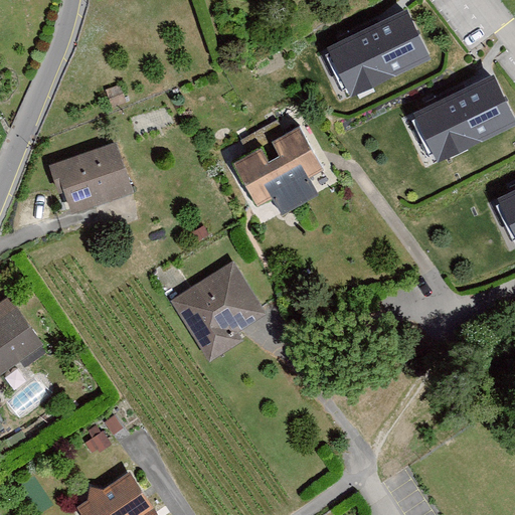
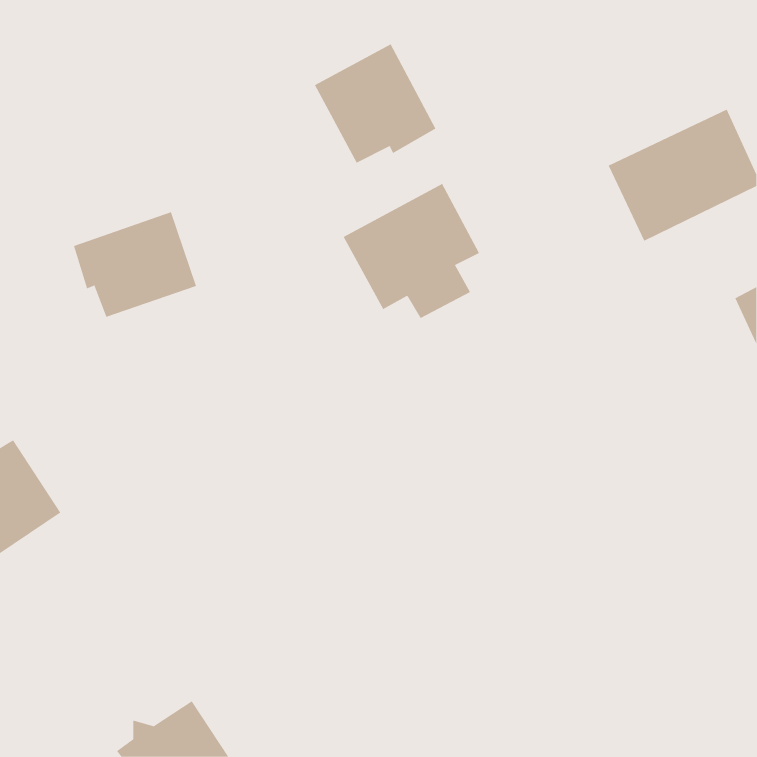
building: [323,9,427,97] -> none
building: none -> [314,43,436,164]
building: [170,261,268,363] -> none

